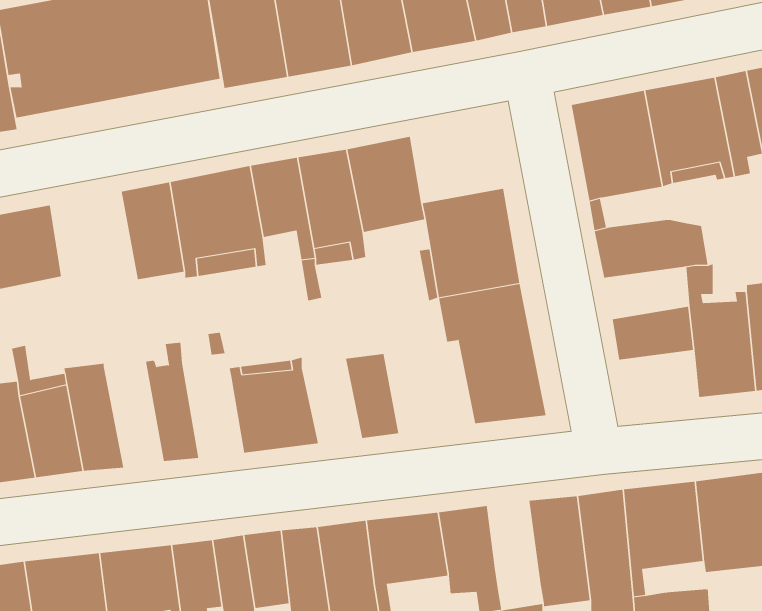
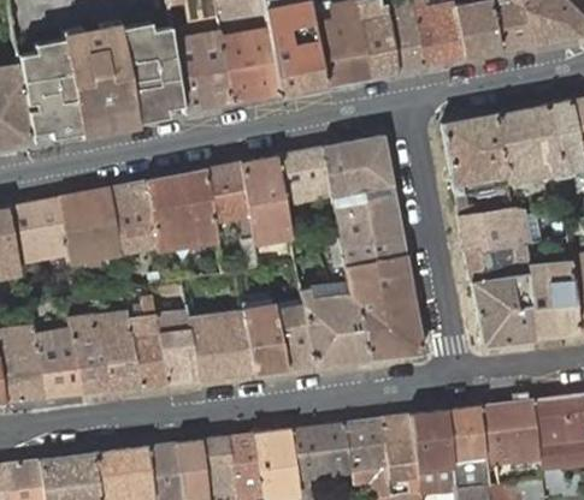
building: none -> [325,135,394,196]
building: none -> [60,187,124,262]
building: none -> [467,243,530,281]
building: none -> [302,287,372,365]
building: none -> [246,304,289,373]
building: none -> [478,304,537,345]
building: none -> [158,311,202,383]
building: none -> [100,312,143,391]
building: none -> [382,415,420,481]

